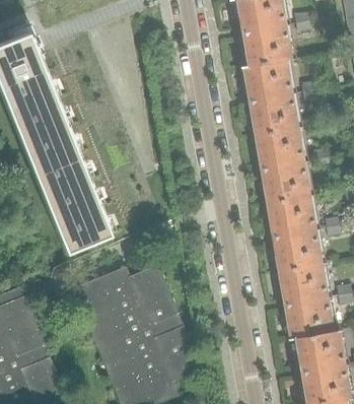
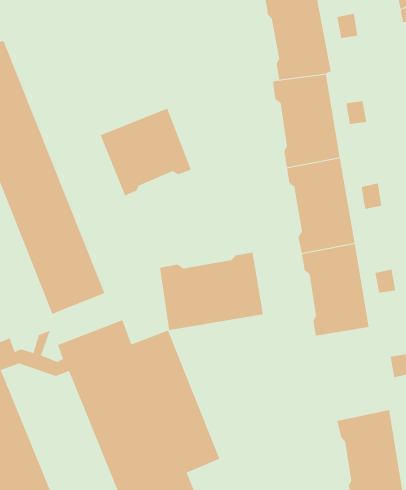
building: none -> [100,108,191,196]
building: none -> [159,252,263,331]
building: [278,264,333,340] -> none

